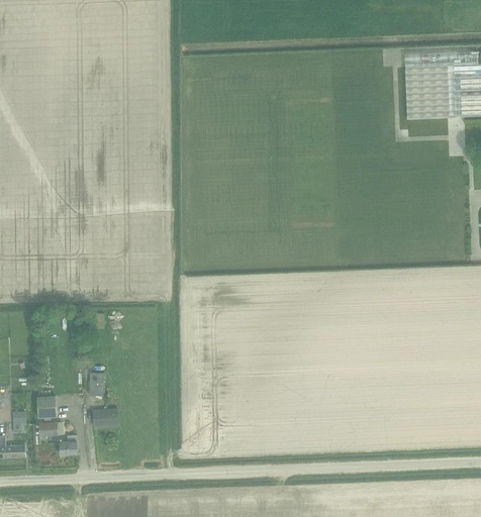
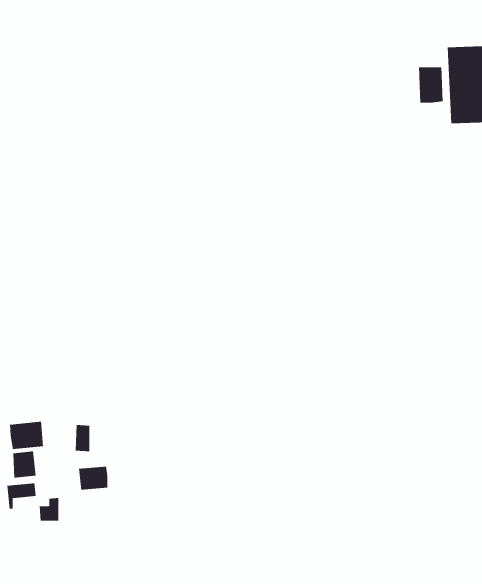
building: none -> [418,67,443,104]
building: none -> [9,421,44,450]

